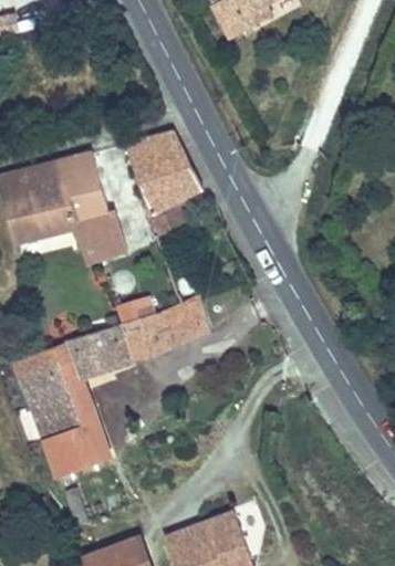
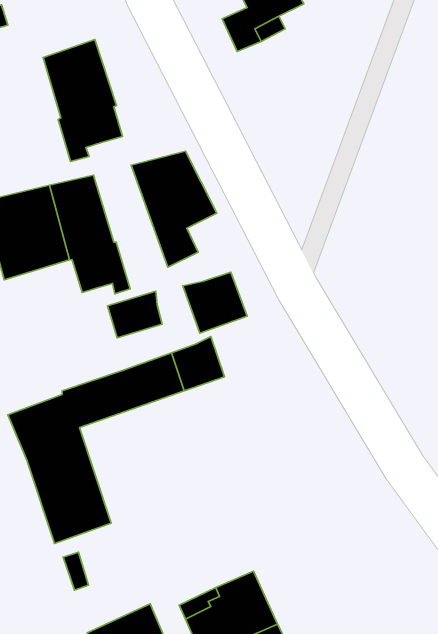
building: none -> [43,40,122,161]
building: none -> [183,272,247,333]
building: none -> [108,291,162,338]

